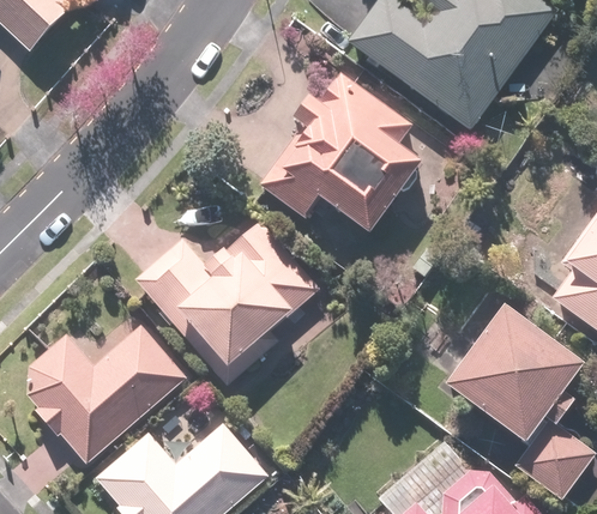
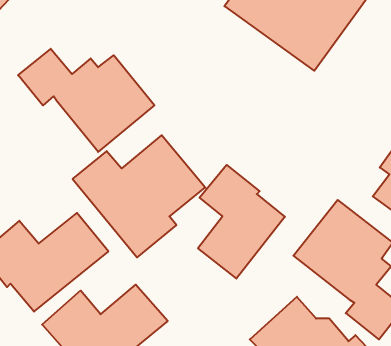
building: [260,74,427,240] -> none
building: none -> [18,49,154,152]
building: none -> [198,165,285,279]

